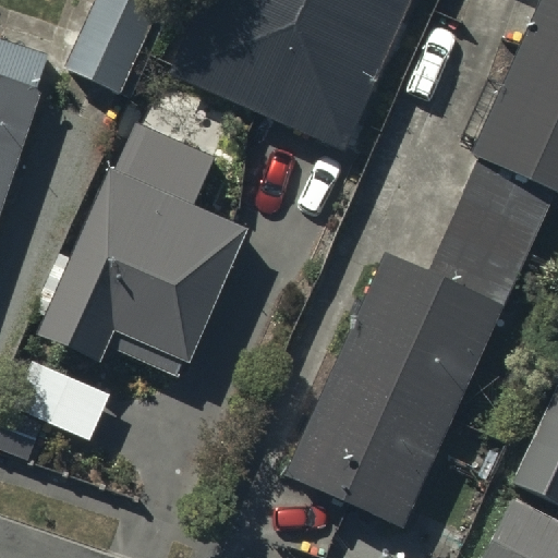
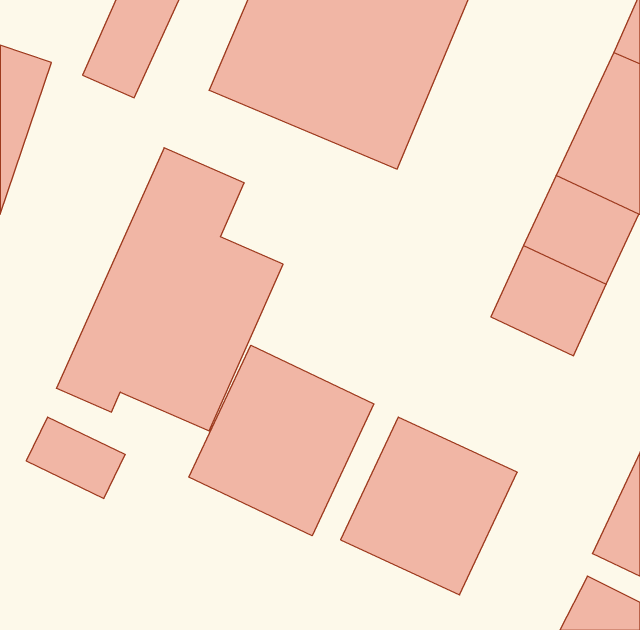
building: [347,260,499,414] -> none
building: none -> [189,345,374,536]

